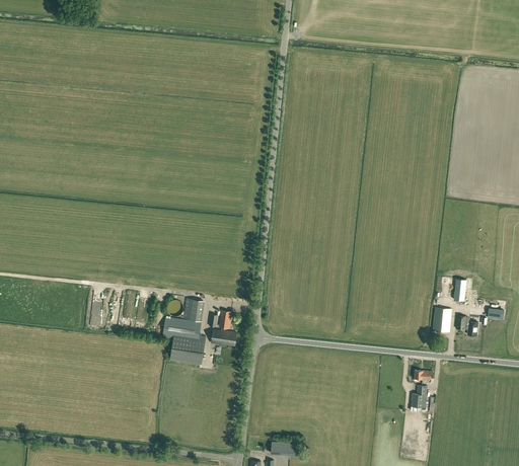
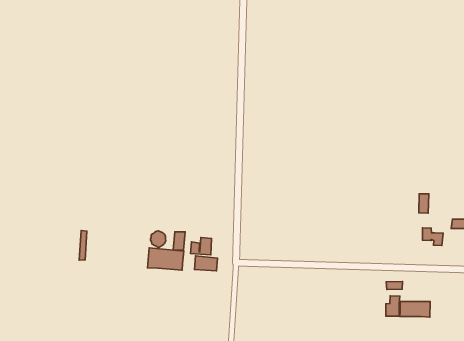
building: [433,307,452,331] -> none
building: [170,335,206,364] -> none
building: none -> [400,301,430,317]

